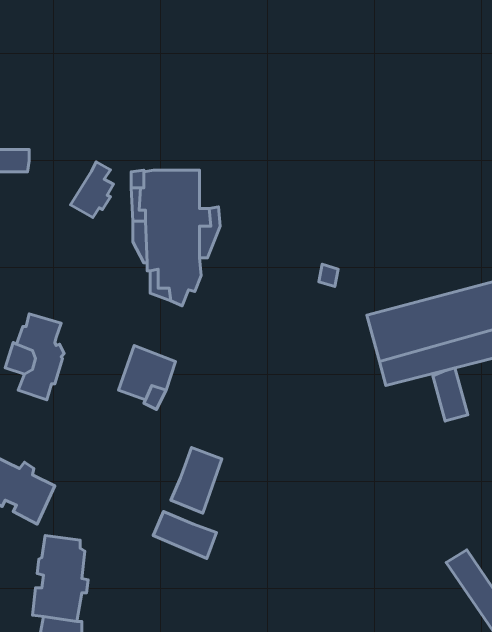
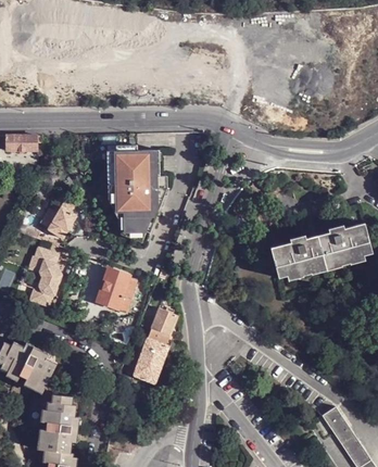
building: [71,162,114,218] -> [47,198,76,236]
building: [433,368,468,421] -> none
building: none -> [148,306,177,343]
building: [153,512,217,558] -> none

